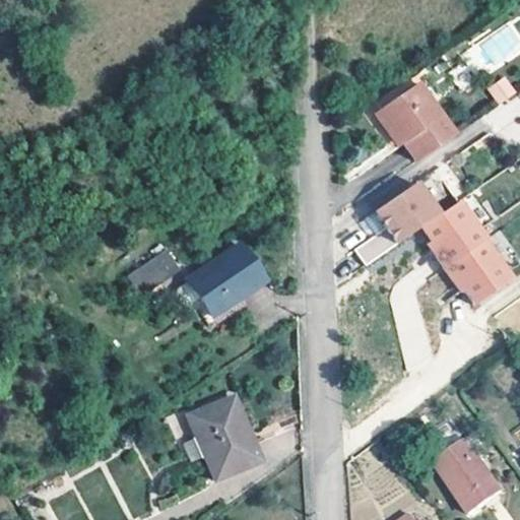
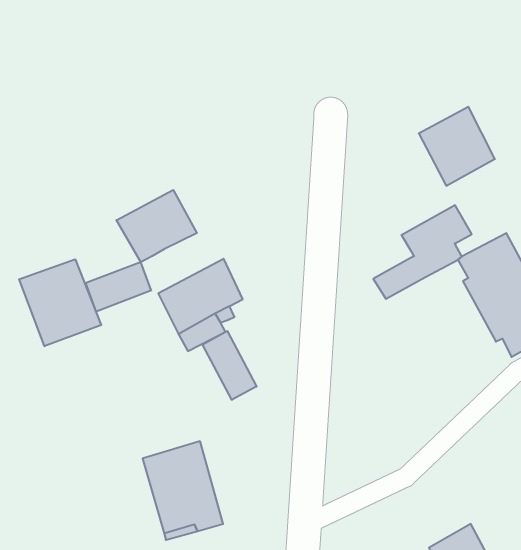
building: none -> [116,190,197,262]
building: none -> [19,259,101,346]
building: none -> [202,331,257,400]

